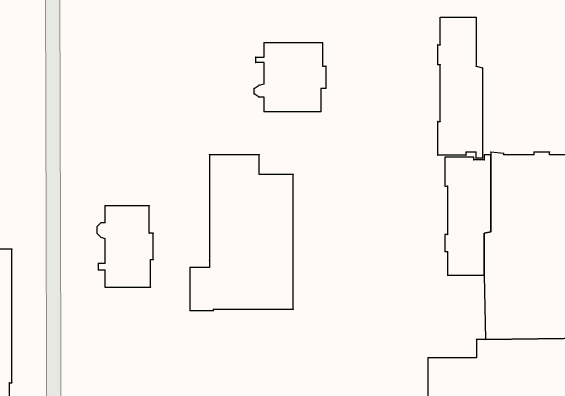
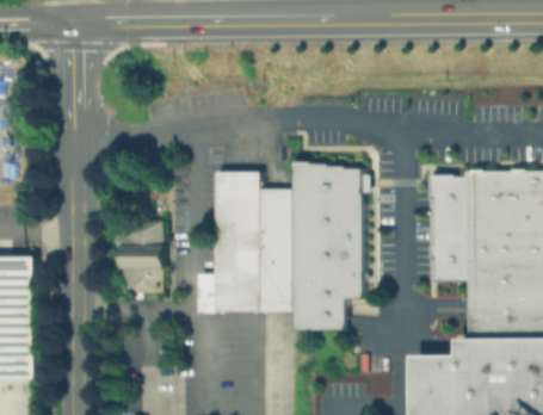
building: [438,17,482,158] -> none
building: [254,43,326,112] -> none
building: none -> [292,160,368,329]

